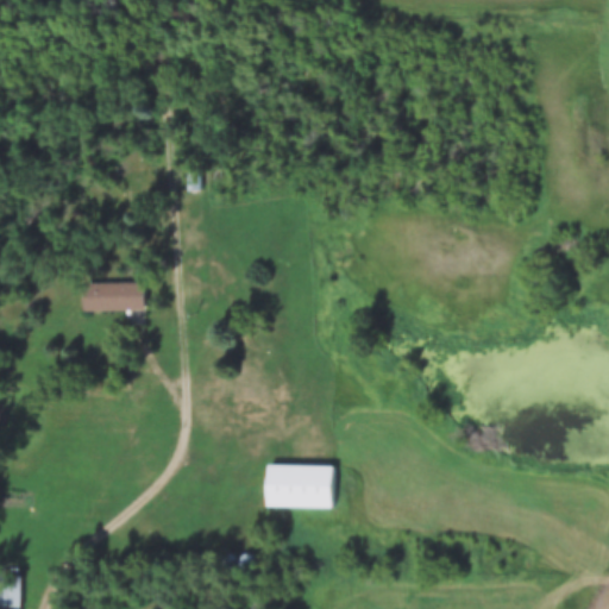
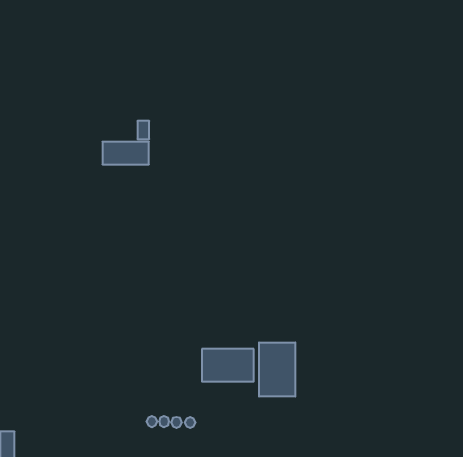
building: [82,282,143,312] -> [102,142,149,164]
building: none -> [259,342,295,397]

